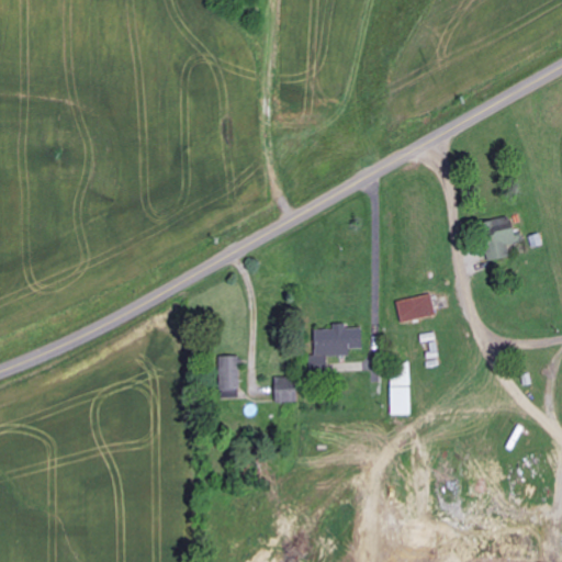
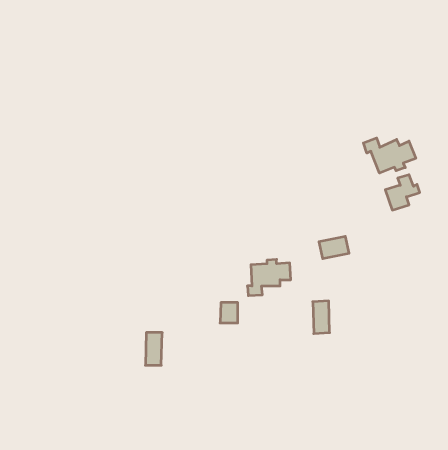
building: none -> [363,138,416,173]
building: [218,357,239,397] -> [145,333,162,365]

